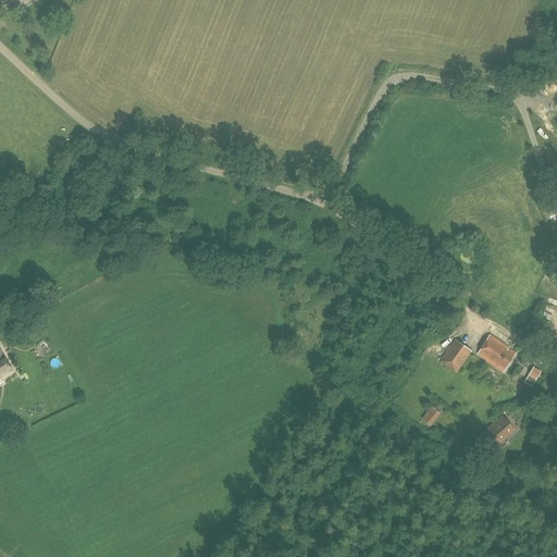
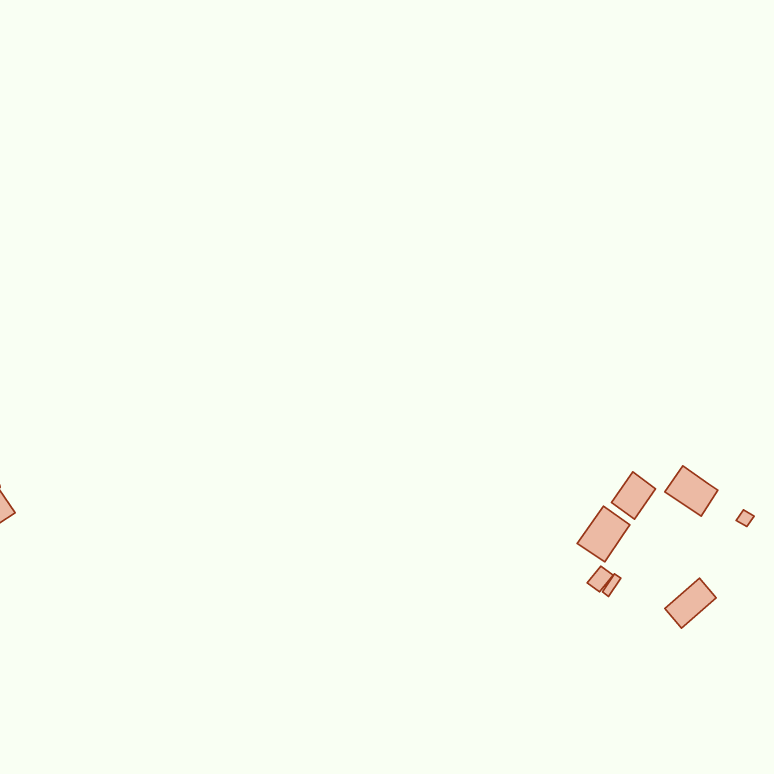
building: none -> [577,506,630,562]

